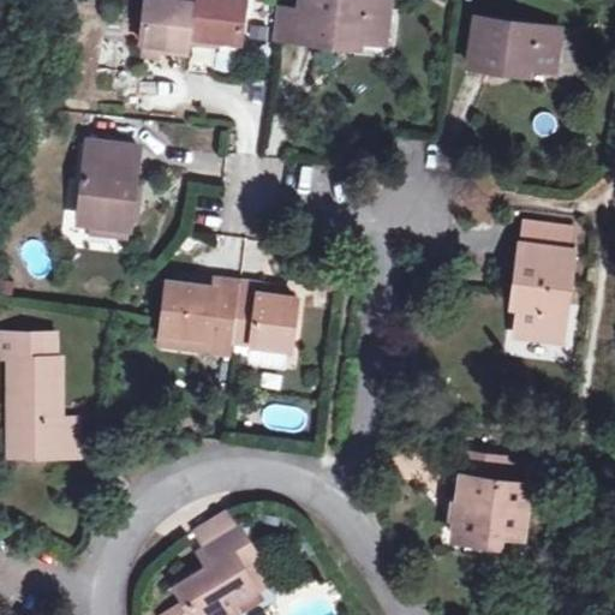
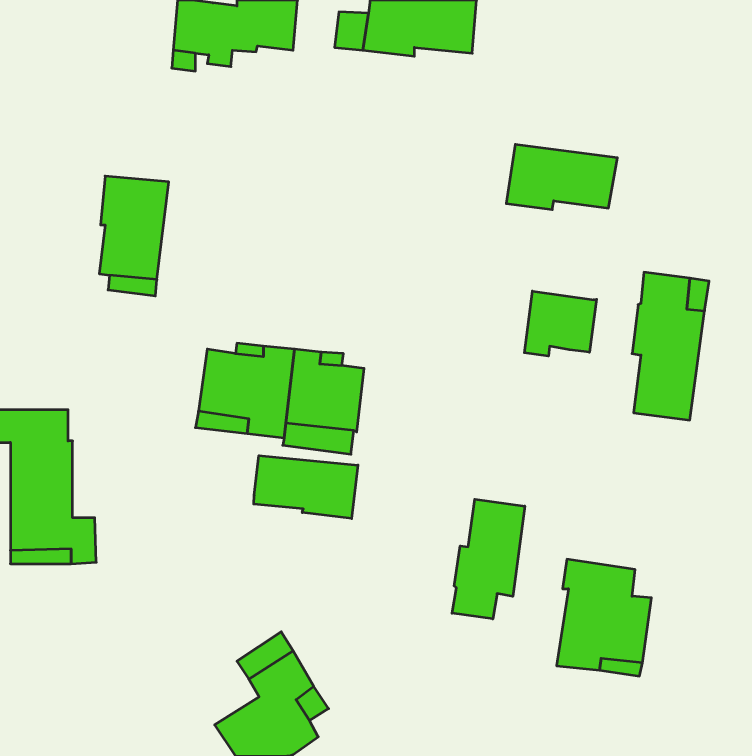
building: [468,18,559,71] -> [506,144,617,210]
building: none -> [524,291,597,356]
building: none -> [254,456,358,519]
building: none -> [452,499,525,619]

